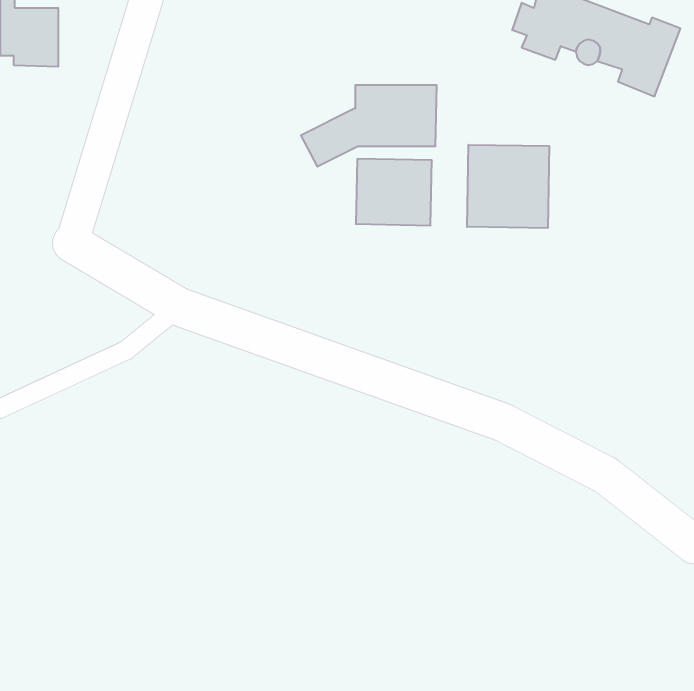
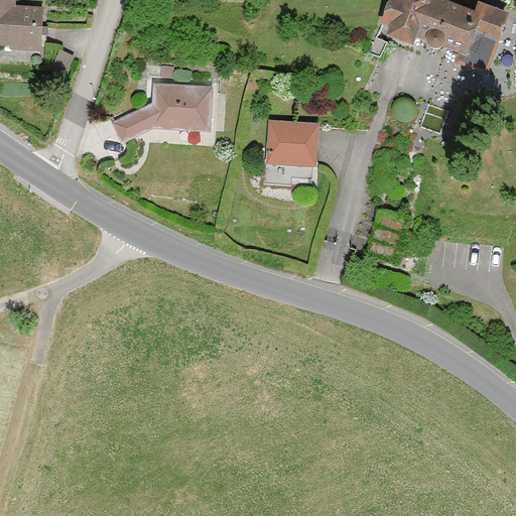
building: [301,85,437,167] -> [111,83,212,143]
building: [467,145,549,228] -> none

